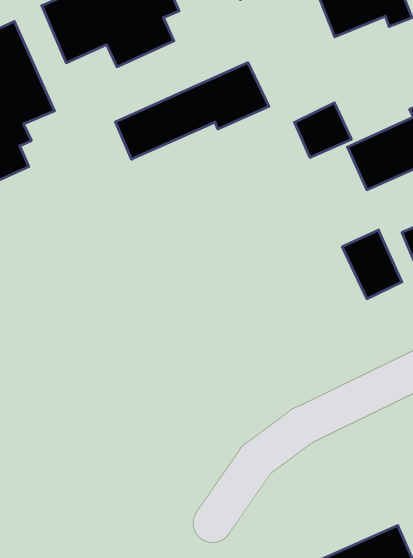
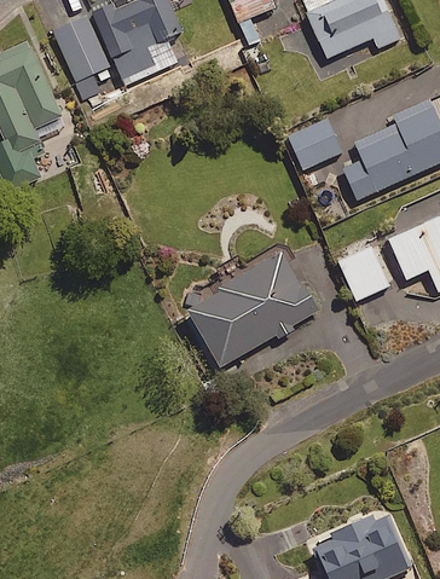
building: [115,63,269,159] -> none
building: none -> [186,248,317,366]

